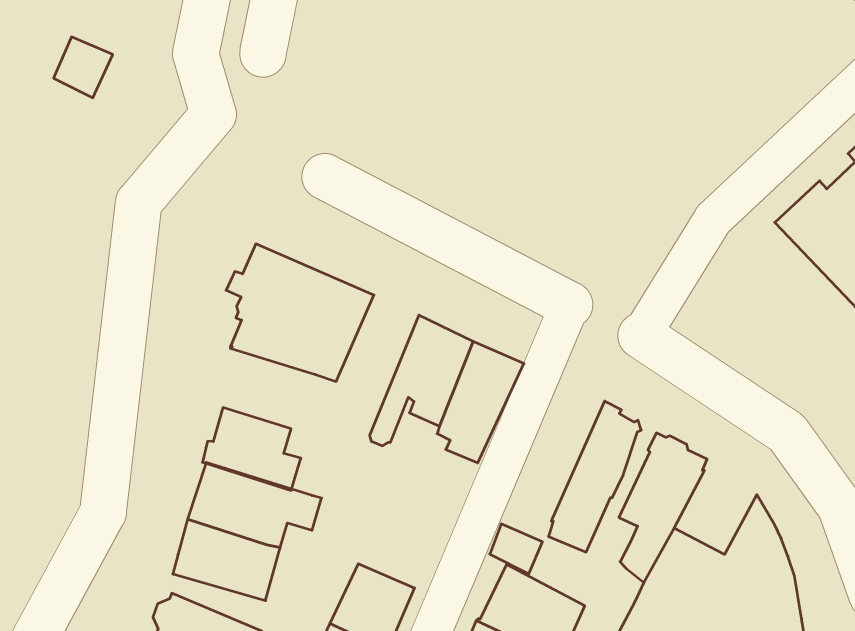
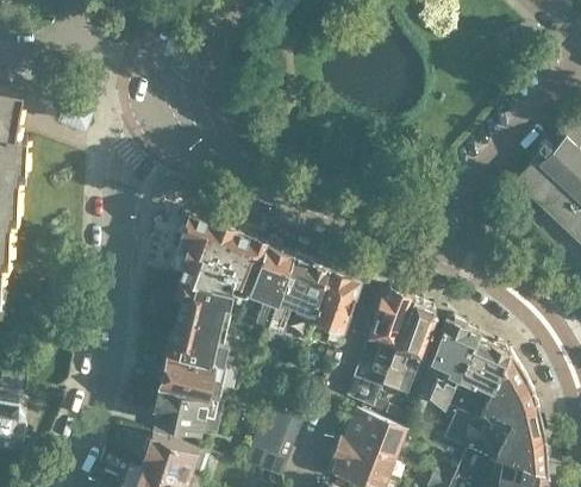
building: none -> [238,243,294,330]
building: none -> [176,281,232,329]
building: none -> [368,291,412,376]
building: none -> [460,339,510,391]

